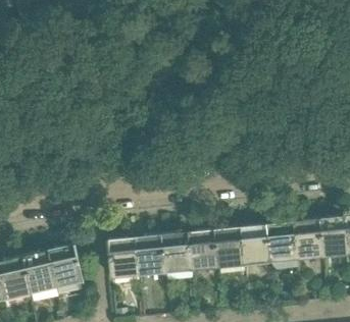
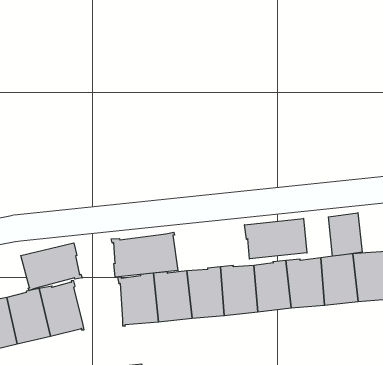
building: none -> [328,213,362,256]
building: none -> [245,218,307,259]
building: none -> [111,232,178,277]
building: none -> [21,243,82,291]

